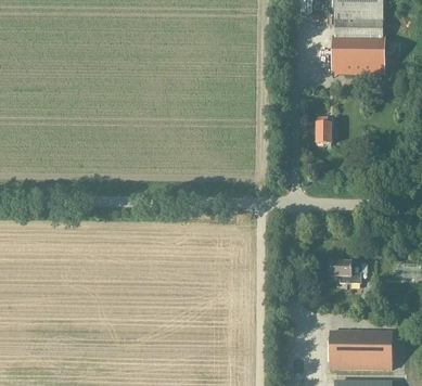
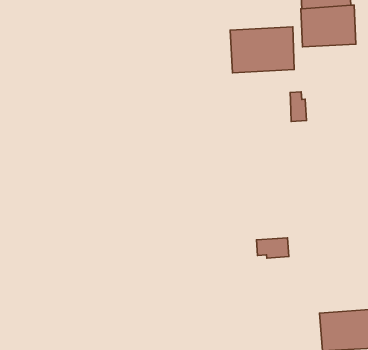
building: none -> [230,27,294,73]
building: [330,262,360,281] -> [256,238,289,258]

